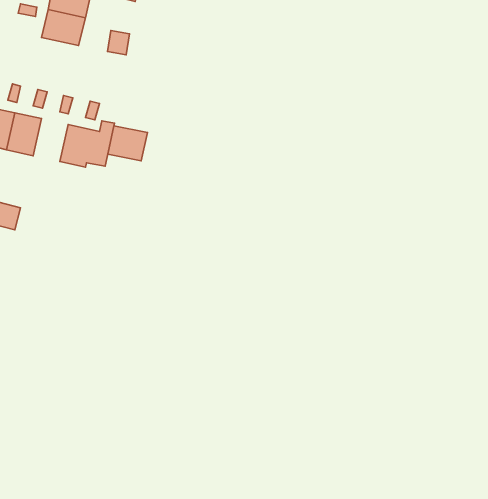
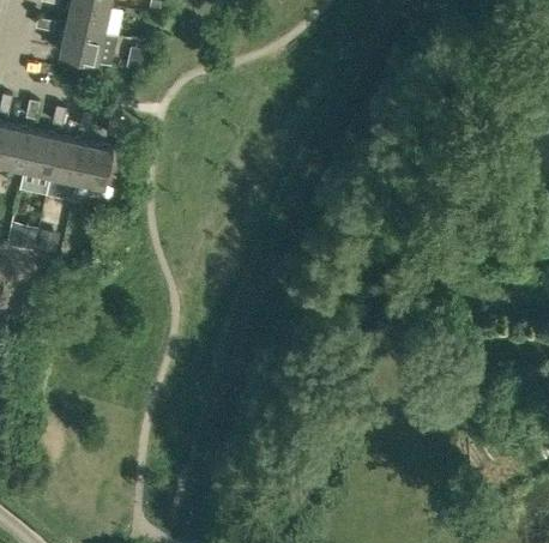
building: none -> [49,139,85,183]
building: [108,126,147,161] -> none

